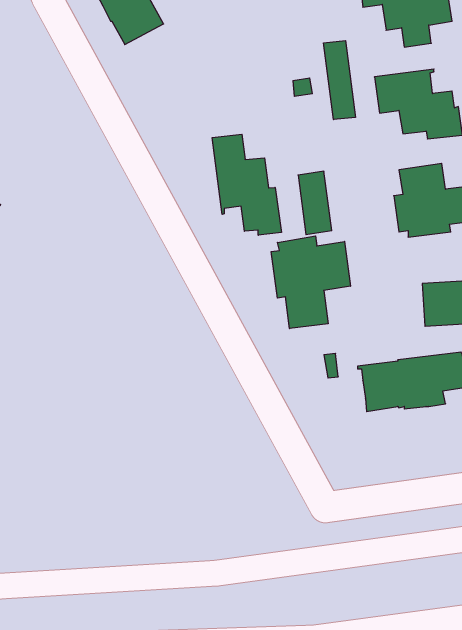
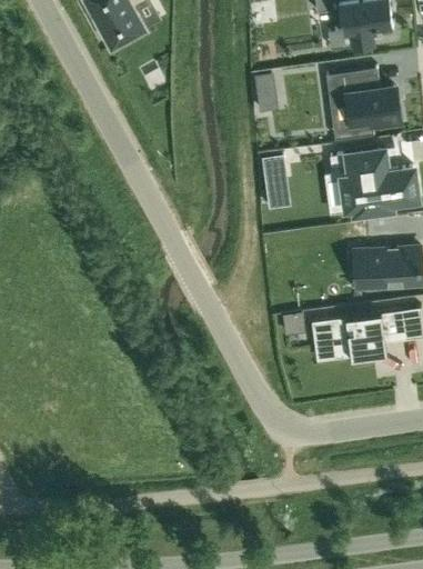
building: [324,41,355,120] -> none
building: [212,134,281,235] -> none
building: [271,236,350,329] -> none

